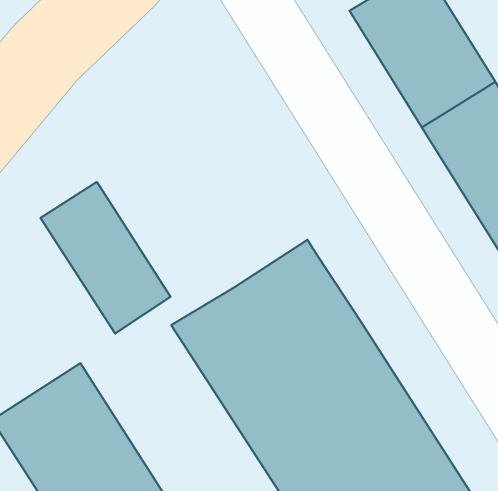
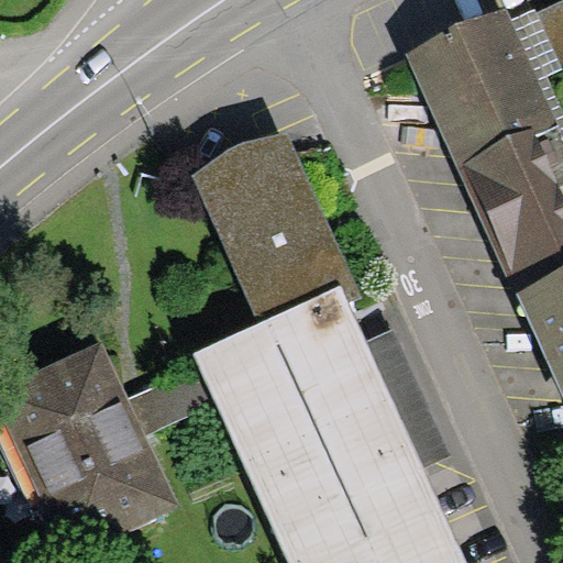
building: none -> [192,126,360,318]
building: [41,182,170,334] -> none

